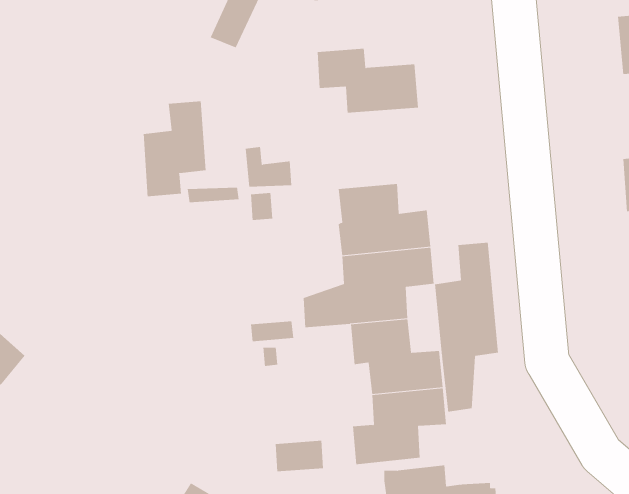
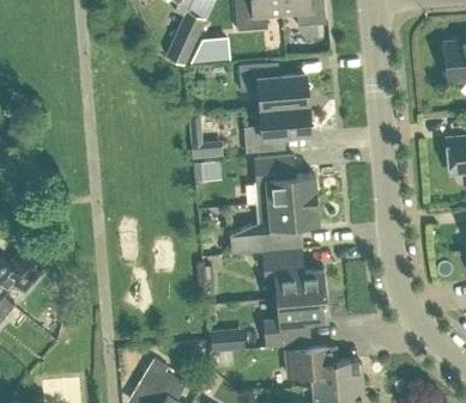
building: none -> [190,37,229,63]
building: [143,101,206,197] -> none
building: none -> [244,104,311,153]
building: [435,242,499,413] -> none

